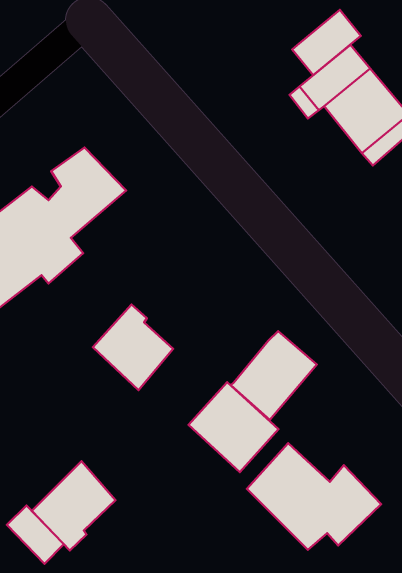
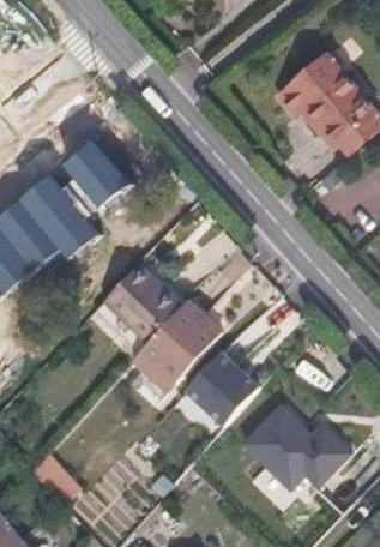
building: [292,10,361,75] -> none
building: [231,331,317,420] -> [140,307,215,384]
building: [32,461,115,551] -> none

